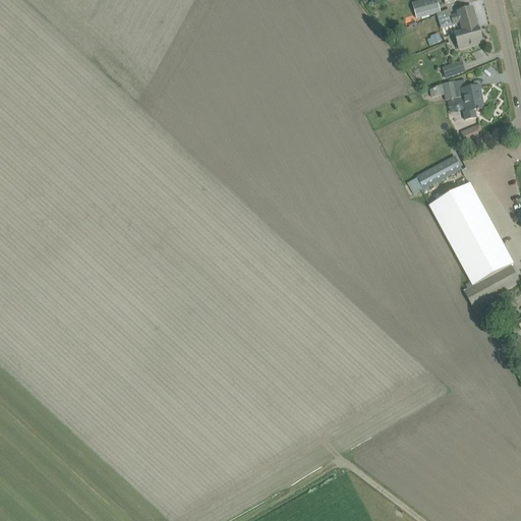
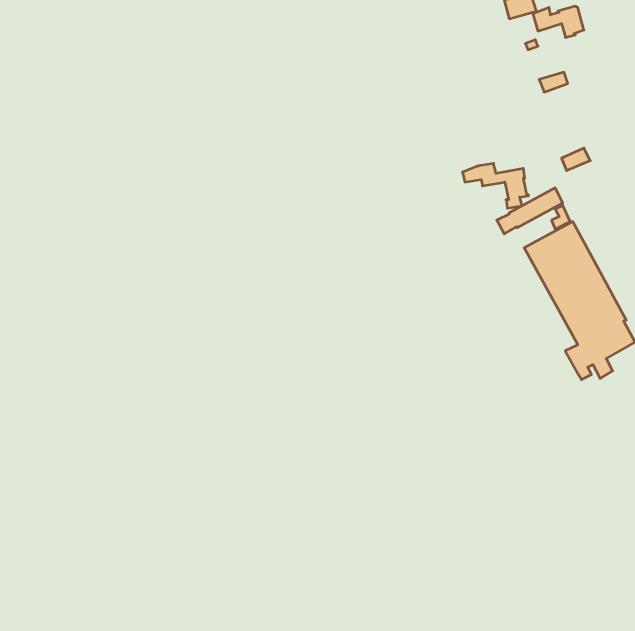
building: [454,24,482,47] -> none
building: [428,79,482,116] -> [462,163,528,208]

